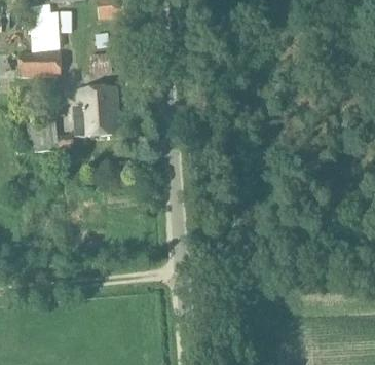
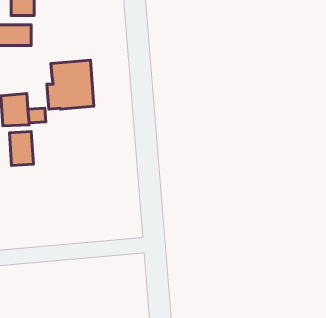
building: none -> [9,131,33,166]

